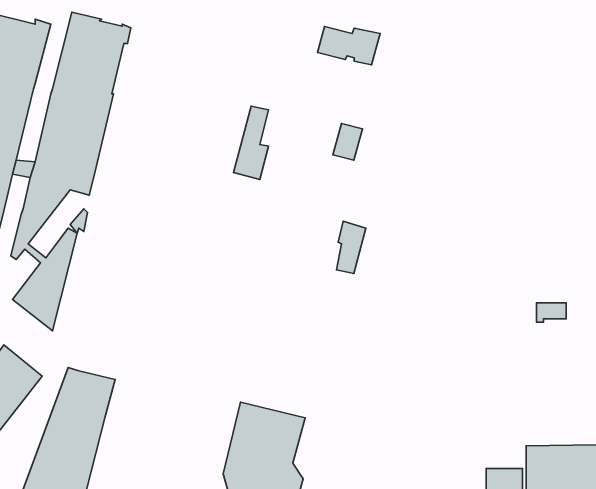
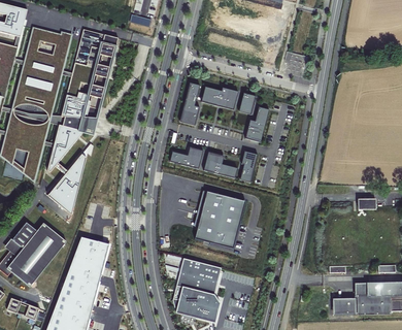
building: [317,26,380,65] -> [201,86,238,108]
building: none -> [245,105,269,141]
building: none -> [170,145,203,168]
building: none -> [203,151,237,177]
building: none -> [194,189,245,249]

